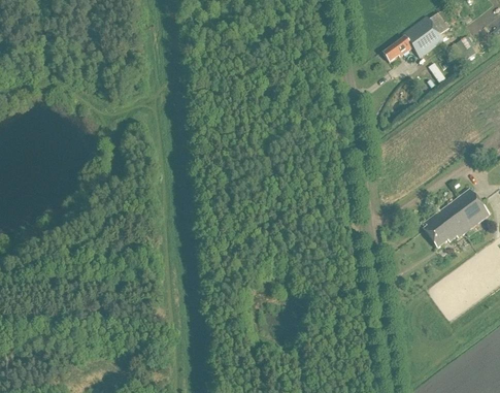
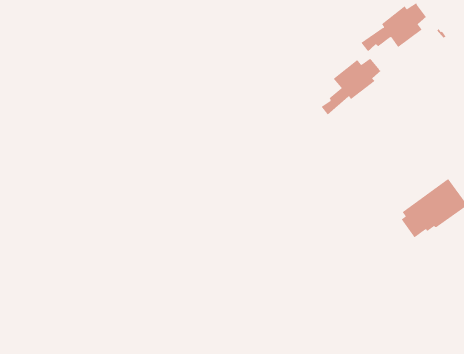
building: none -> [321,58,381,115]

